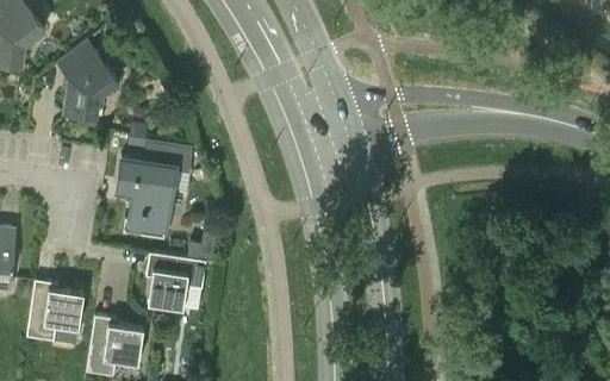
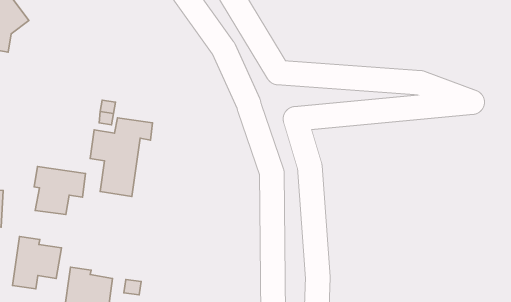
building: [57,42,119,120] -> none
building: [145,256,205,312] -> [34,166,85,215]

